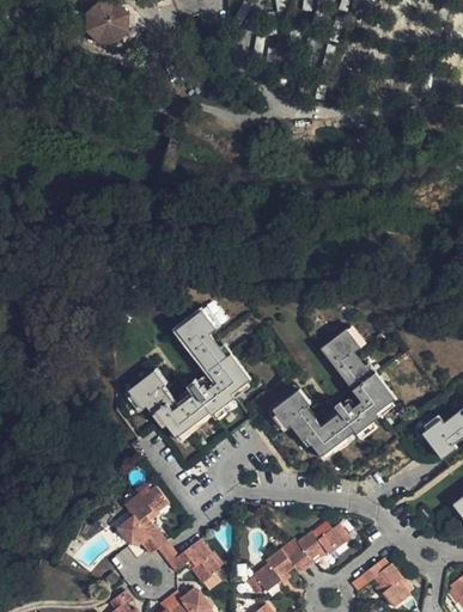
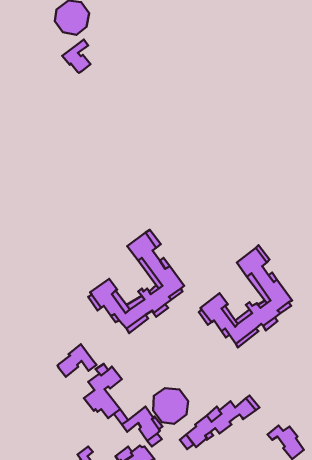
building: none -> [62,39,91,73]
building: none -> [58,344,96,377]
building: none -> [153,388,188,424]

